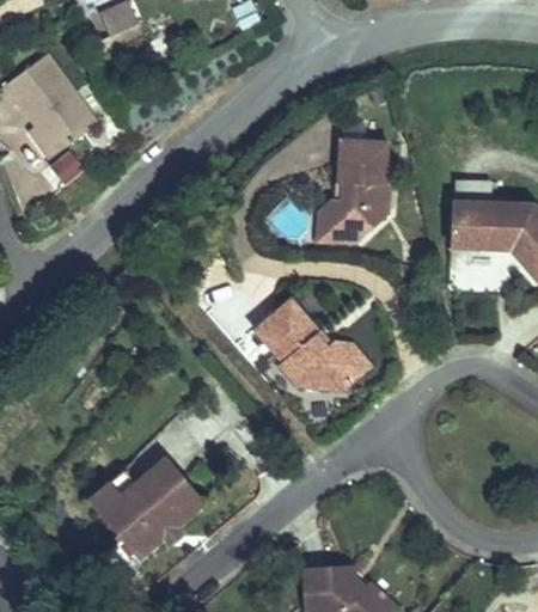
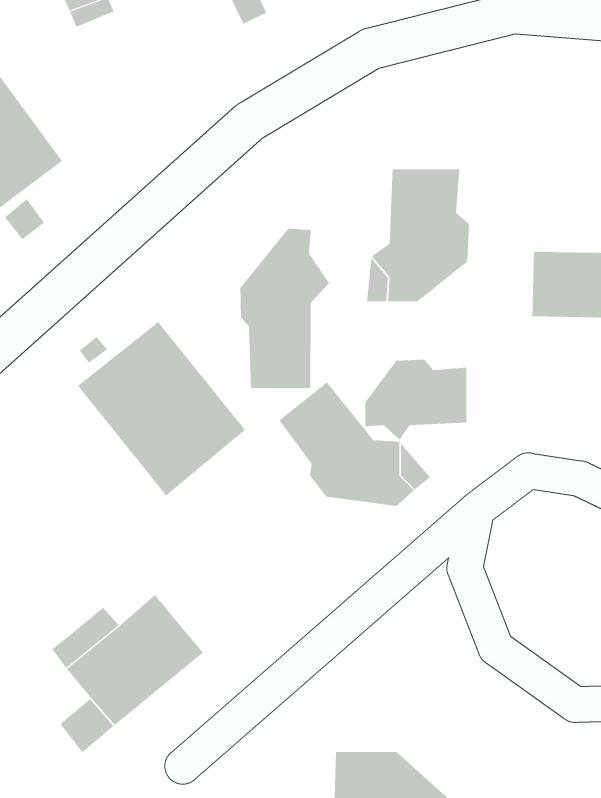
building: none -> [240,228,330,389]
building: none -> [77,321,246,497]
building: none -> [365,359,467,441]

